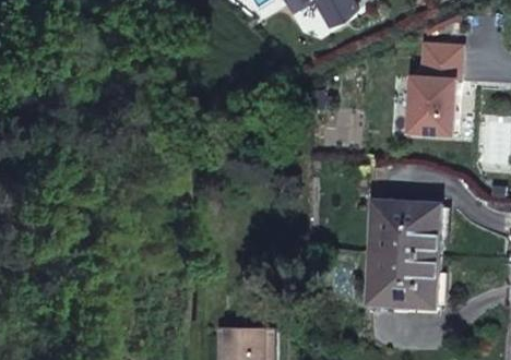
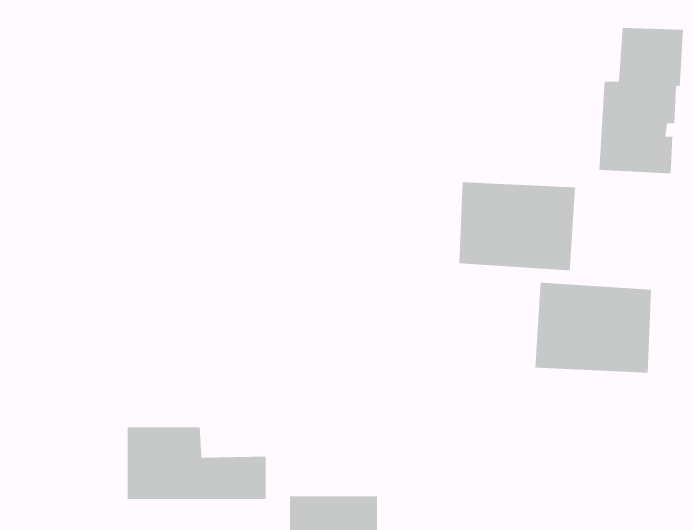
building: [367,252,439,307] -> [458,182,576,271]
building: none -> [127,426,266,500]

